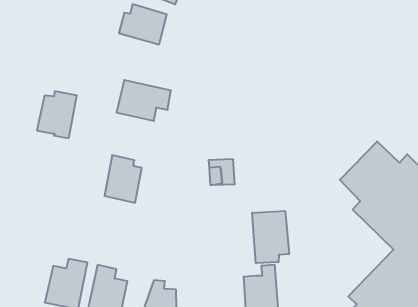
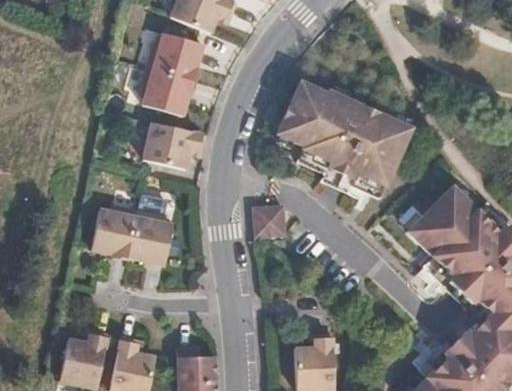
building: none -> [140,63,196,113]
building: none -> [274,86,410,203]
building: [37,91,77,138] -> [92,201,139,256]
building: [252,211,289,263] -> none

